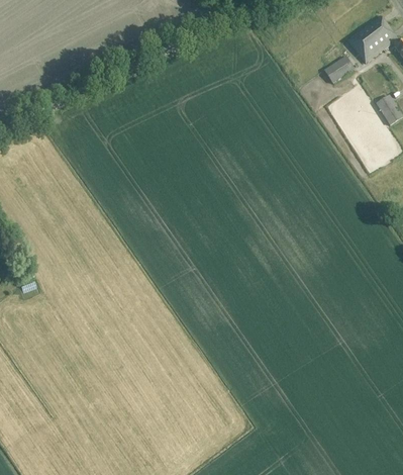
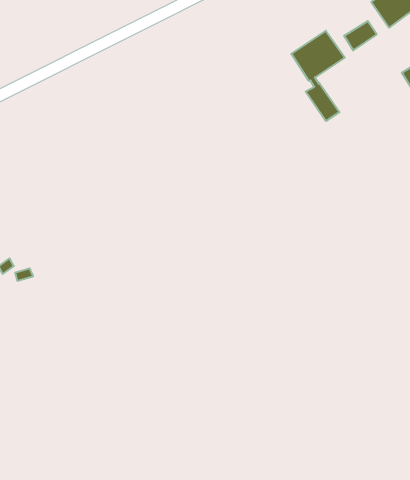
building: none -> [291,31,345,121]

